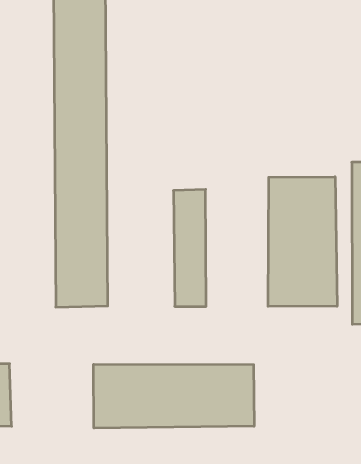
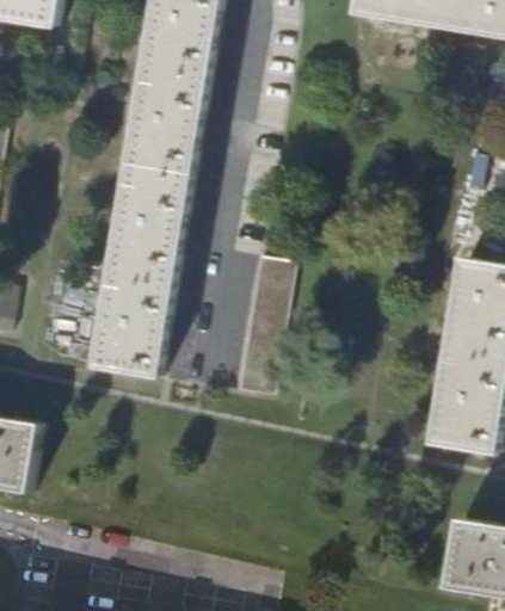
building: [268,177,337,306] -> none
building: [94,364,254,428] -> none

